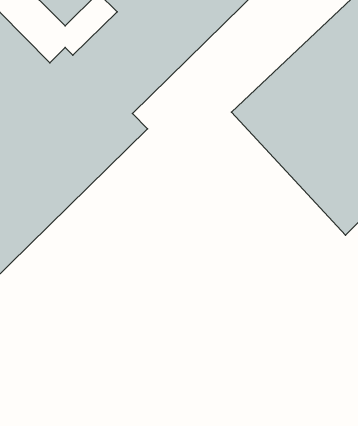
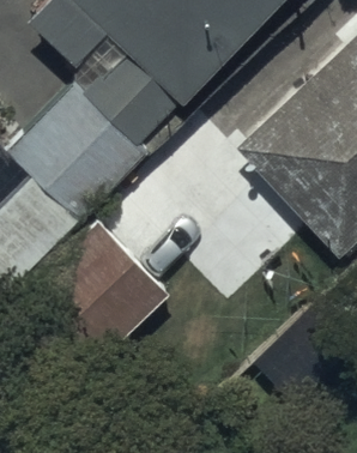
building: none -> [28,219,170,362]

